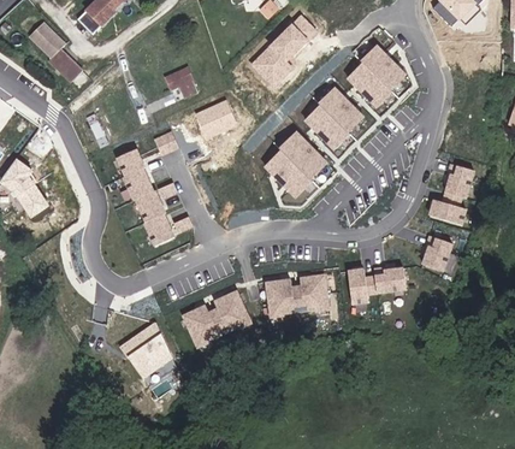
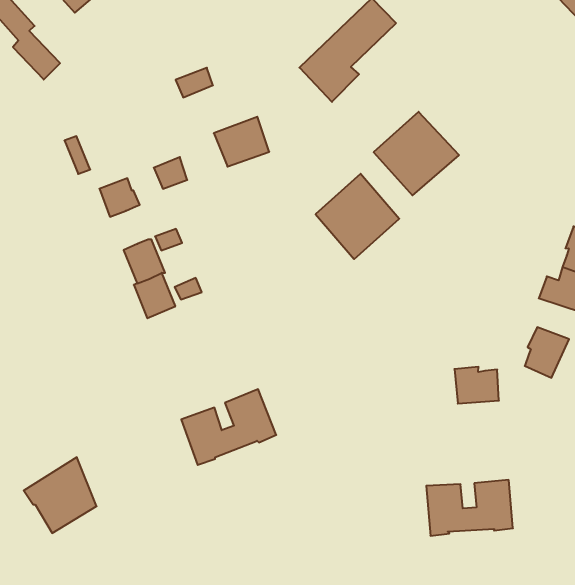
building: [348,48,408,107] -> none
building: [123,167,152,199] -> none
building: [347,270,375,305] -> none
building: [265,276,327,318] -> [426,480,513,536]
building: [119,321,171,376] -> [24,457,97,533]

